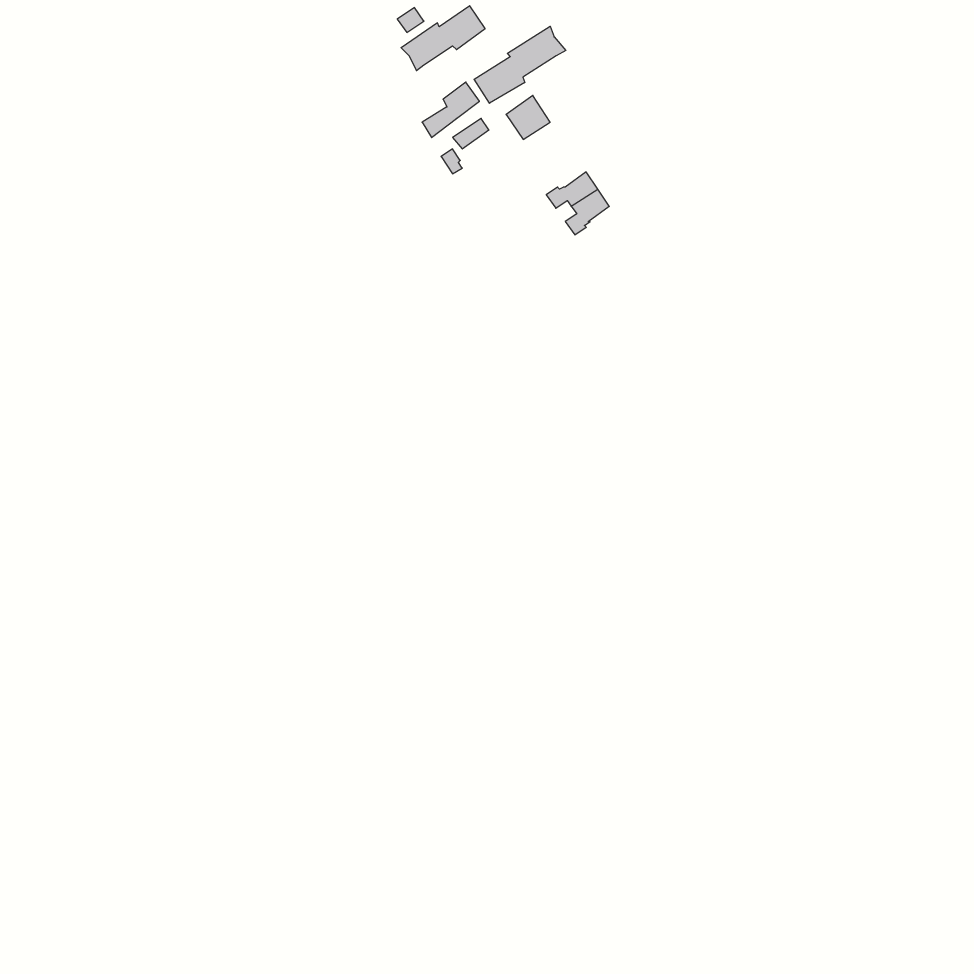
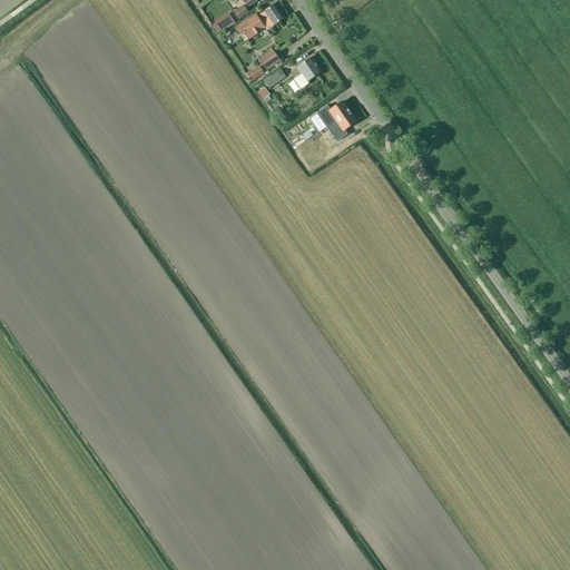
building: [474,26,566,103] -> none

